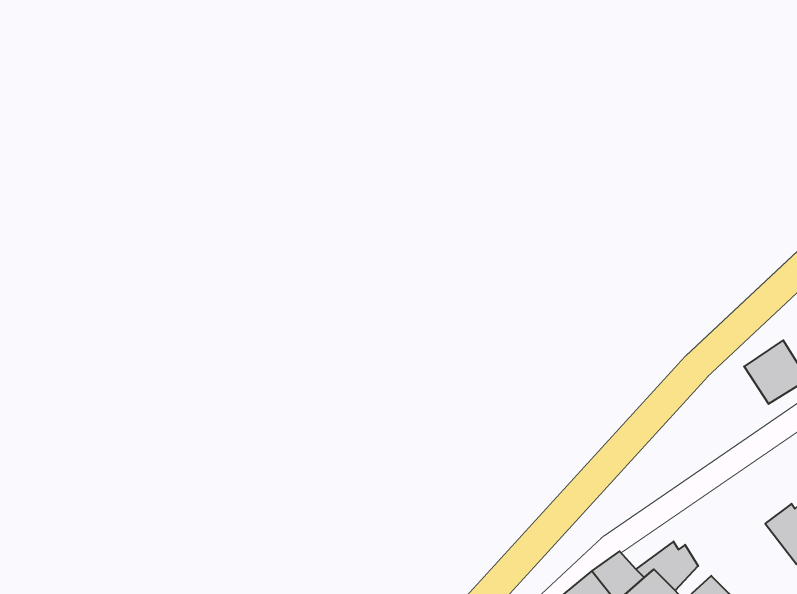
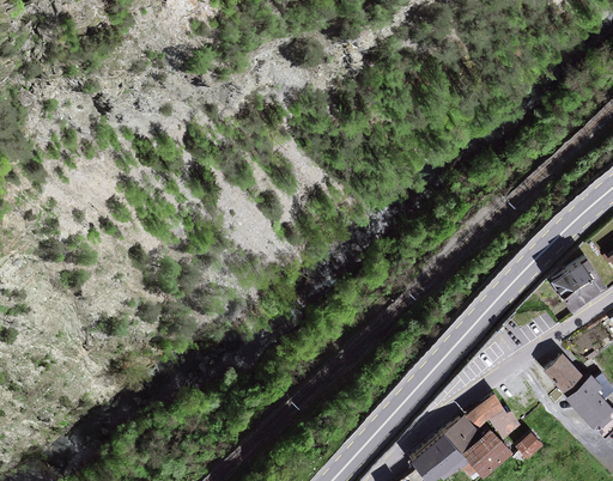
building: none -> [544,354,582,394]
building: none -> [462,392,502,428]

